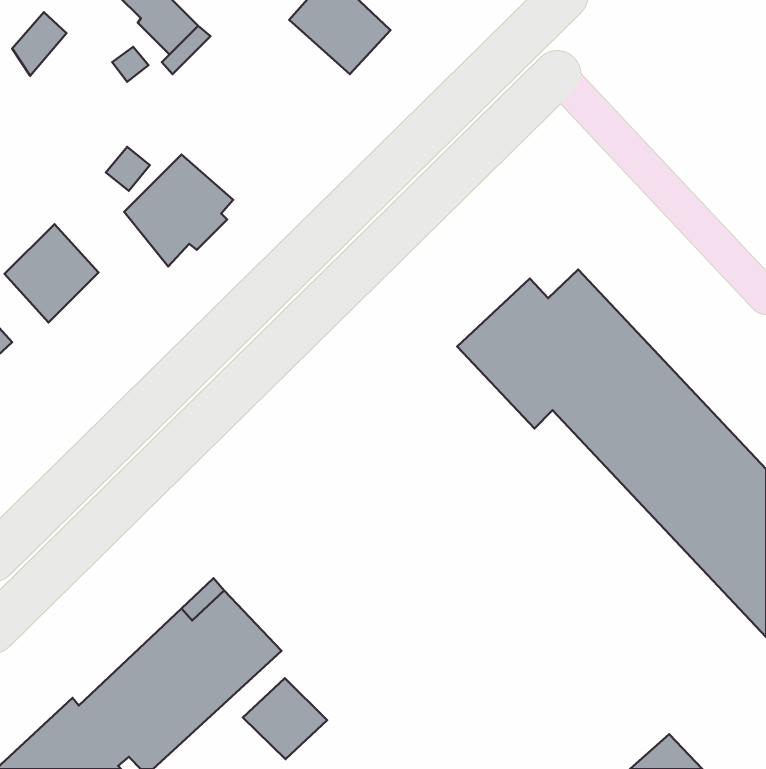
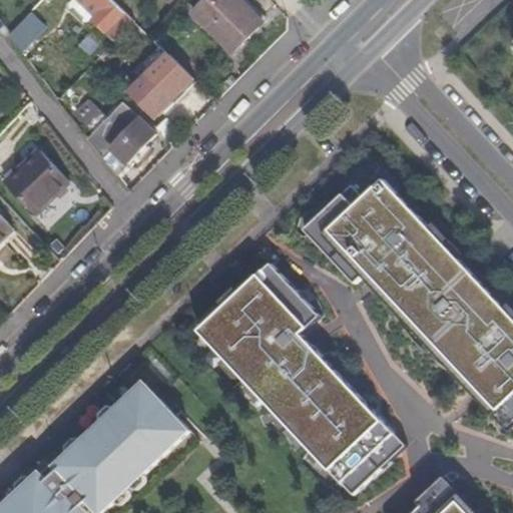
building: none -> [130,51,190,112]
building: none -> [197,264,406,496]
building: [243,678,327,759] -> none

